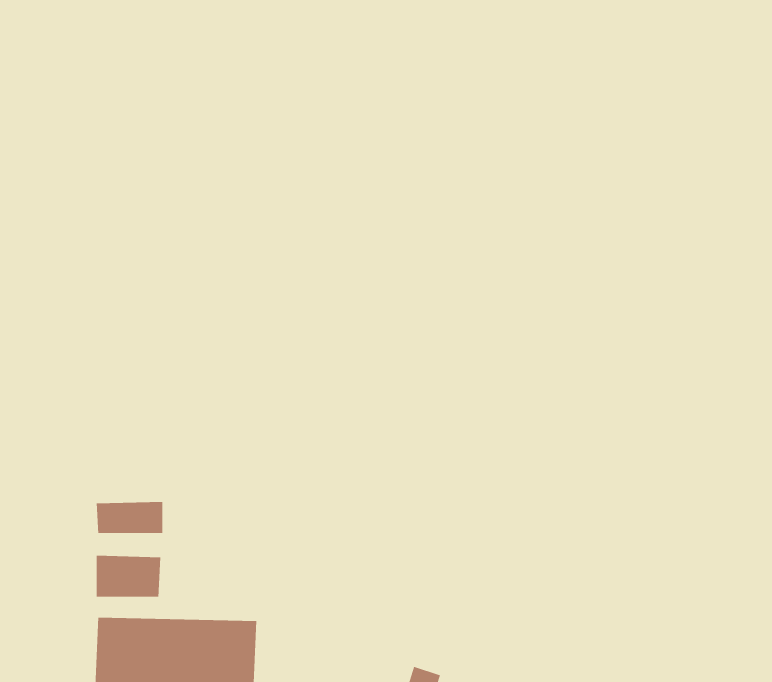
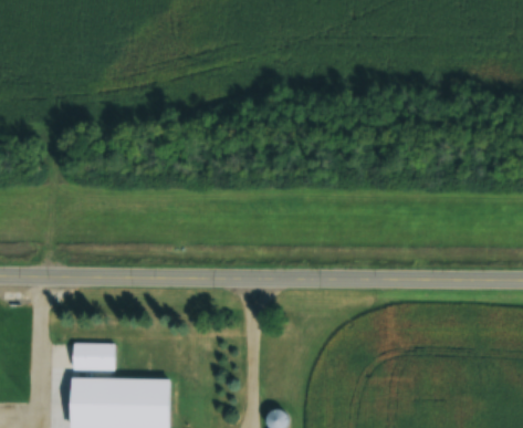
building: [96,501,163,534] -> none

